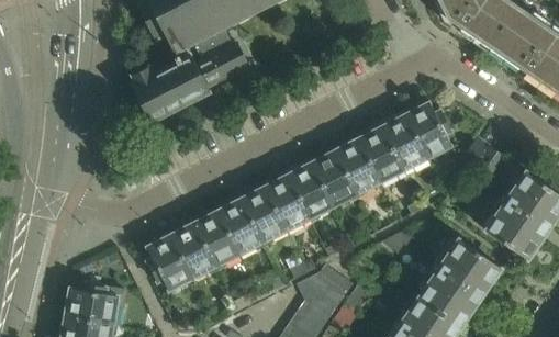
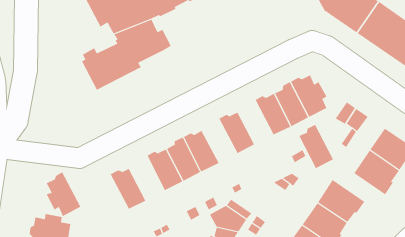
building: [335,135,381,193] -> [298,124,334,169]
building: [288,159,334,217] -> none
building: [193,207,239,267] -> none
building: [146,232,192,291] -> [46,171,81,217]

